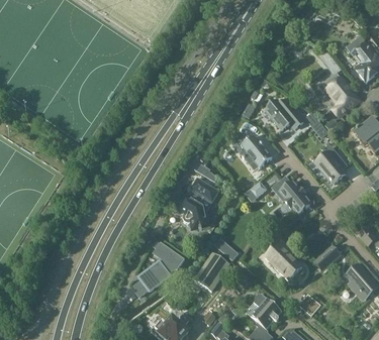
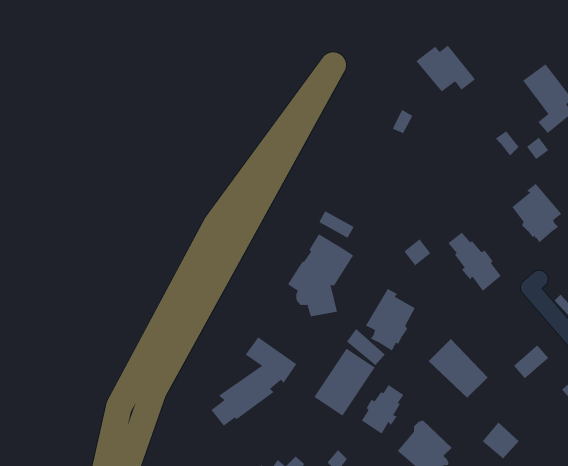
building: [266,100,303,129] -> [415,45,476,92]
building: [231,133,272,168] -> none
building: none -> [365,288,416,352]
building: none -> [361,384,404,434]

